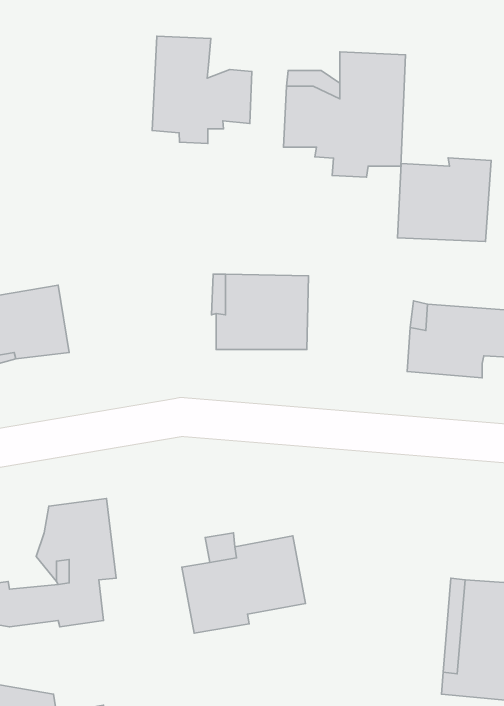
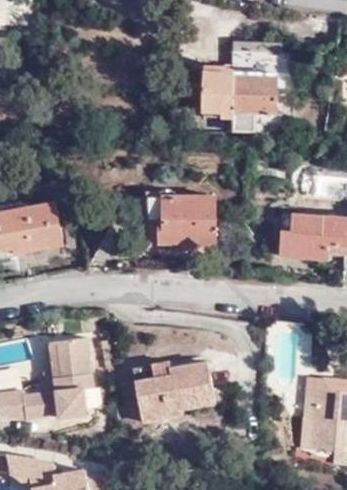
building: [152,36,252,144] -> none
building: [398,158,491,242] -> none

